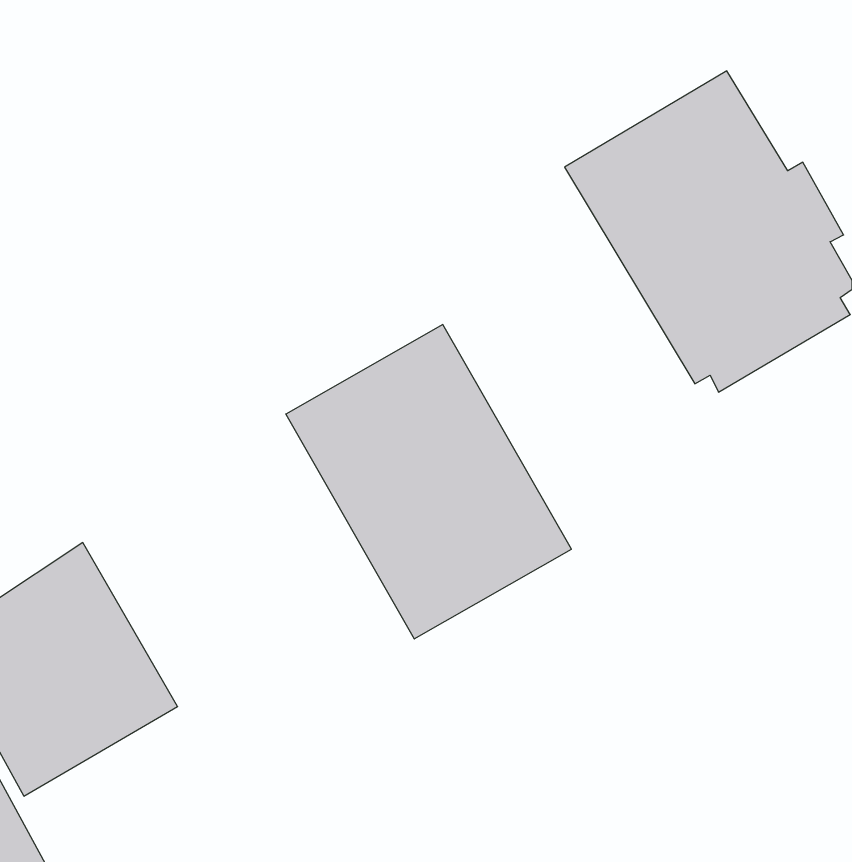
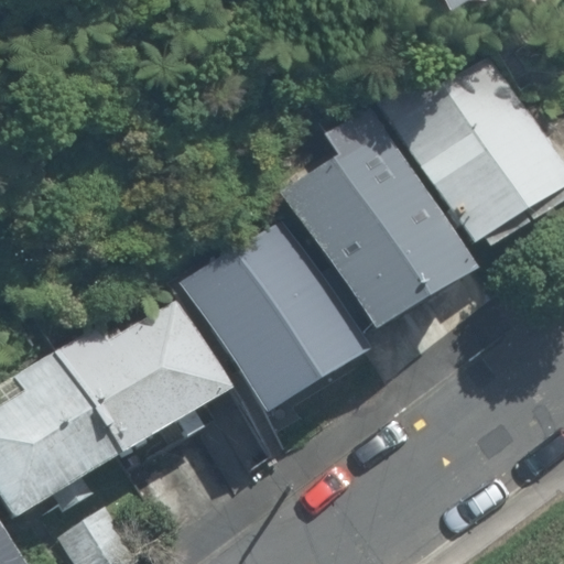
building: none -> [276,133,453,343]
building: none -> [56,288,231,457]

